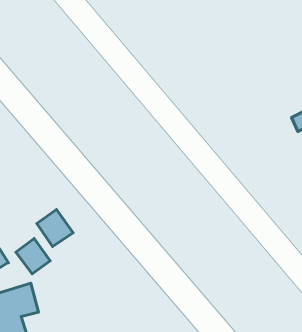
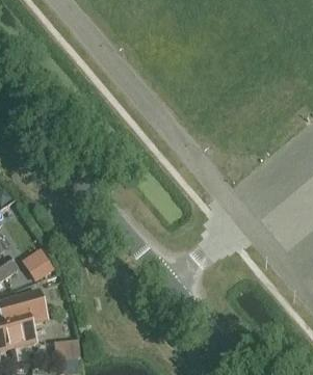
building: [37,209,73,247] -> none

